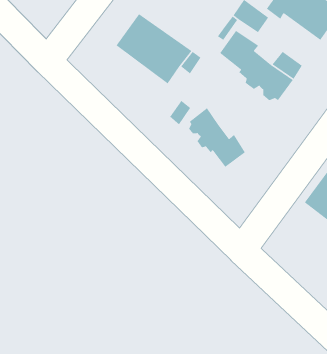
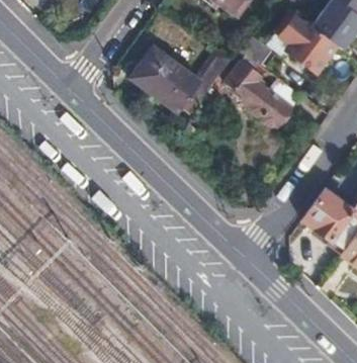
building: [188,107,246,168] -> none

